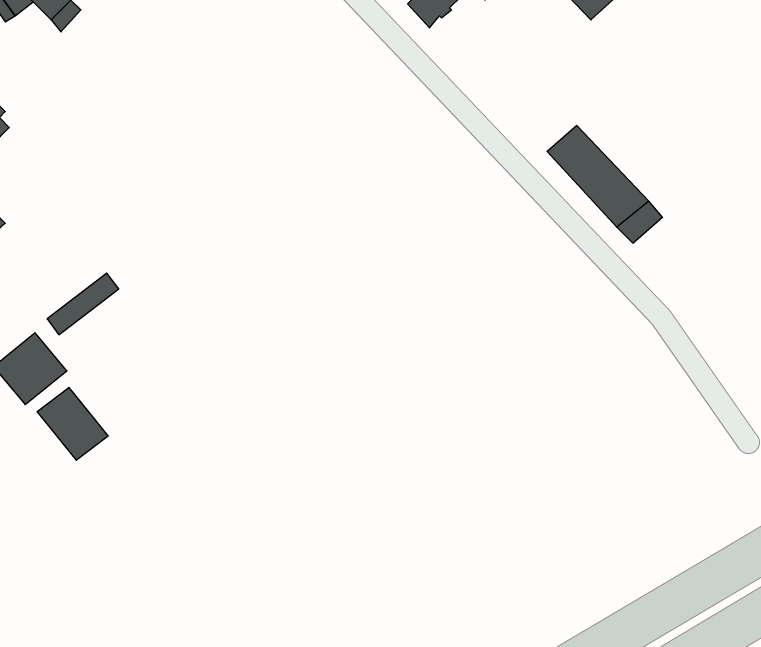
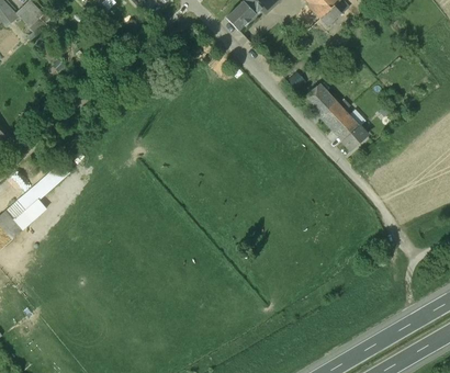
building: [37,387,108,460] -> none

